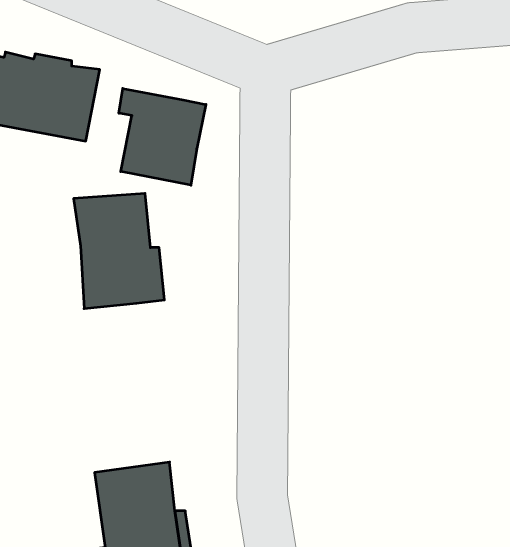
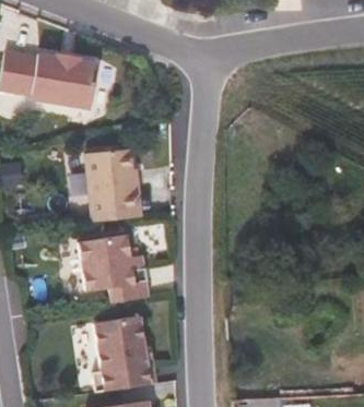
building: [119,88,206,185] -> none
building: none -> [75,230,146,298]

